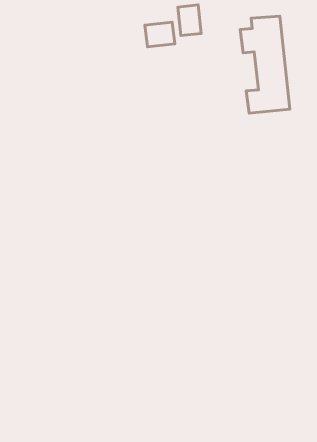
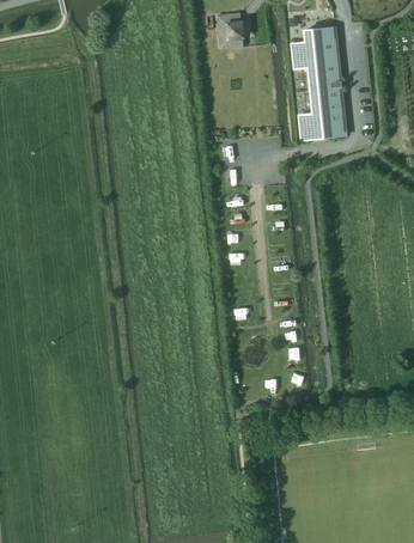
building: [145,22,175,47] -> none

